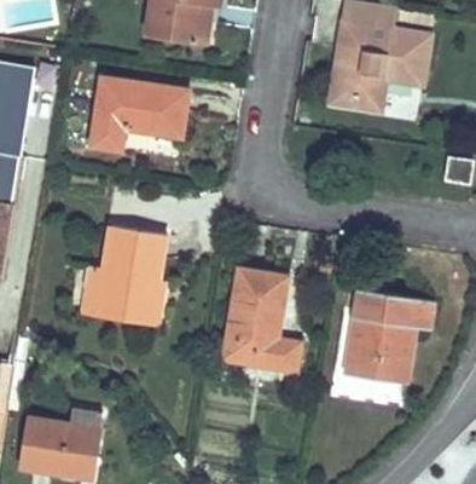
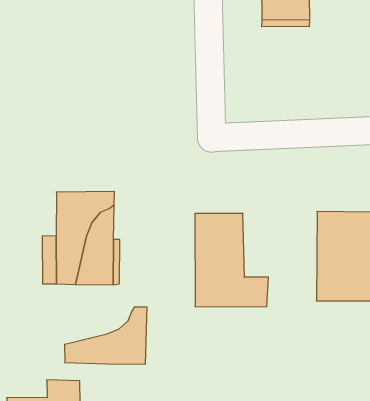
building: [89,79,186,152] -> none
building: none -> [65,307,147,364]

